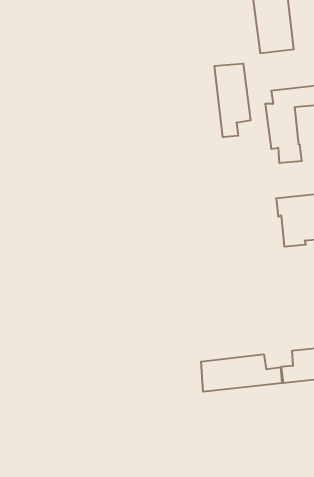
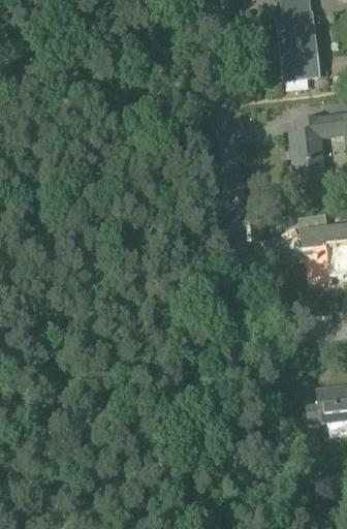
building: [215,63,251,137] -> none
building: [201,354,282,392] -> none

